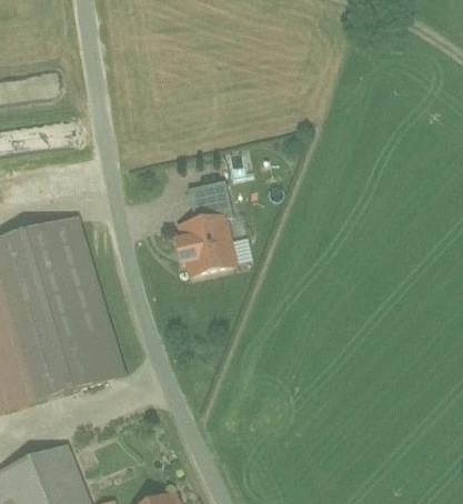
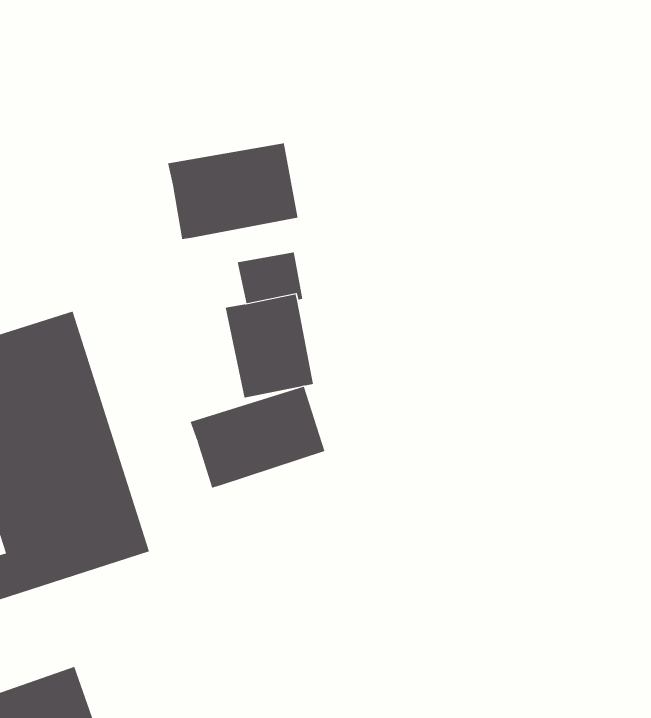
building: none -> [167,143,298,240]
building: none -> [190,386,325,488]

